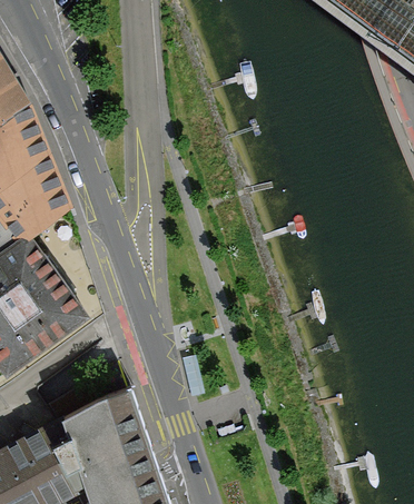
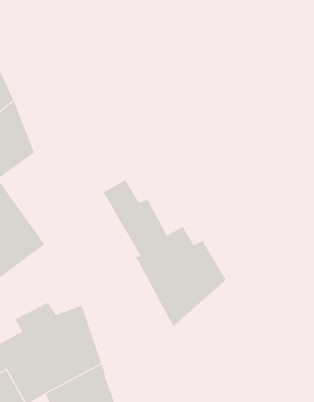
building: none -> [103,179,226,327]

